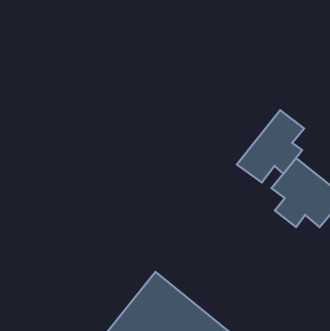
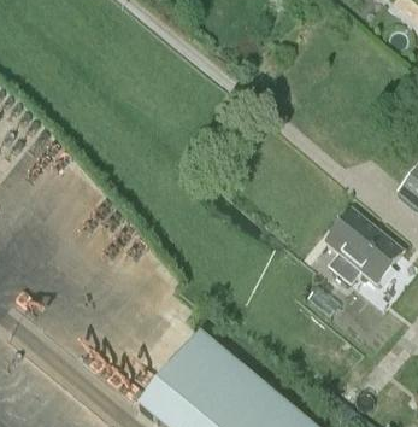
building: [237,110,304,183] -> none

